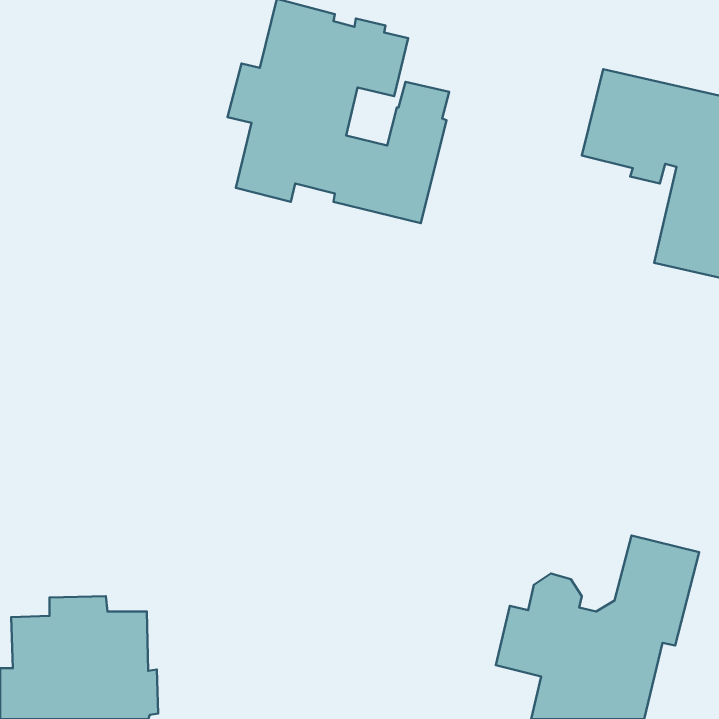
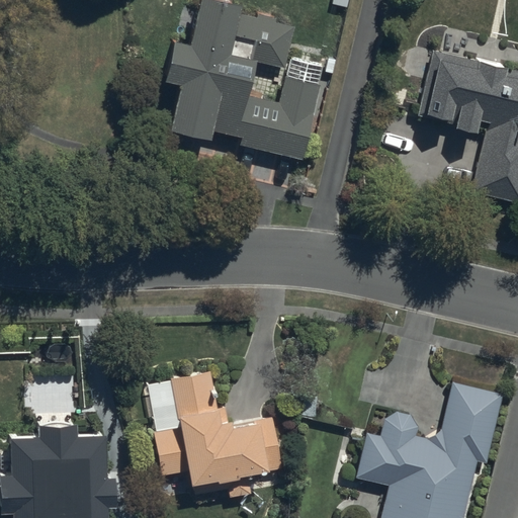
building: none -> [149,374,281,499]

